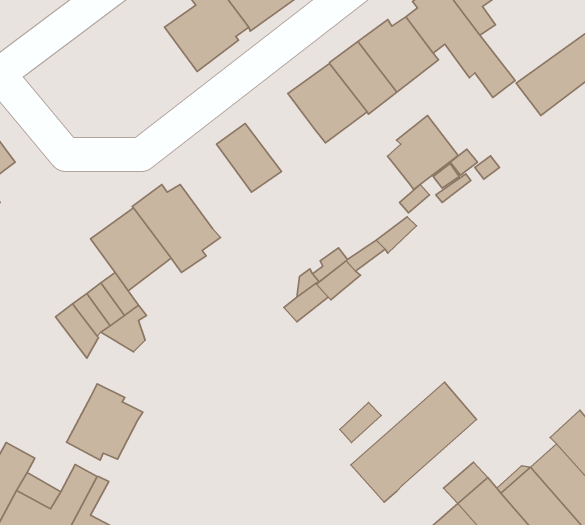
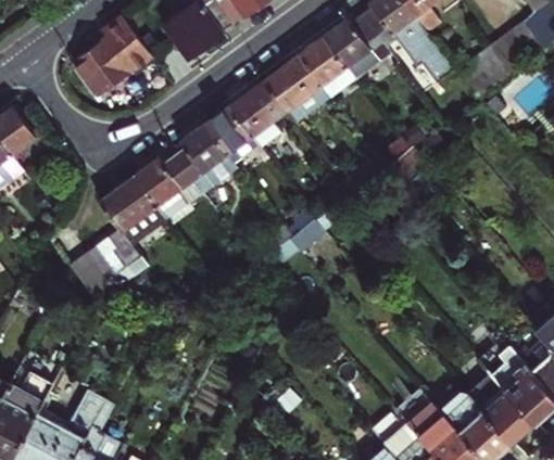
building: none -> [71,17,151,98]
building: none -> [228,80,287,148]
building: [387,116,458,189] -> none
building: none -> [174,123,237,193]
building: [351,382,477,502] -> none
building: [66,384,143,460] -> none

